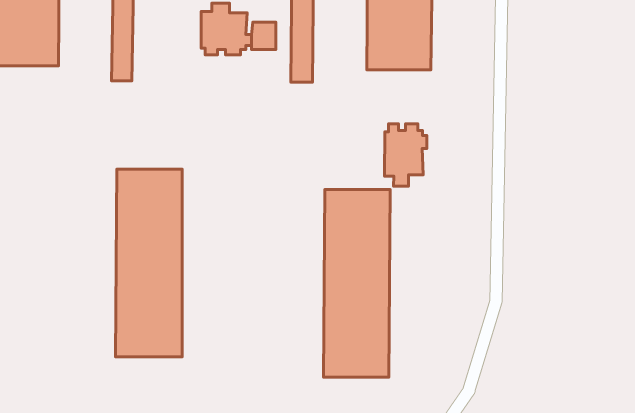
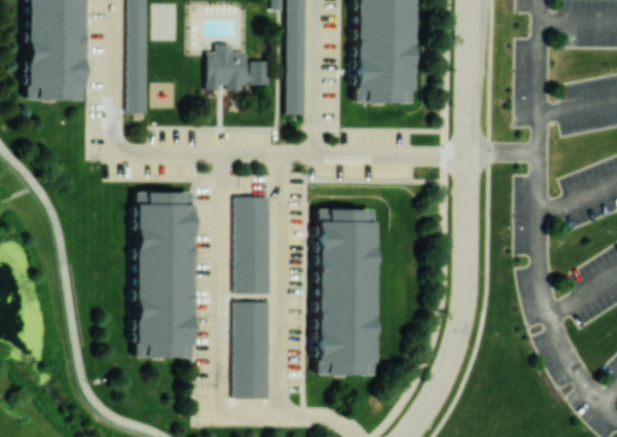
building: [385,124,427,186] -> none
building: none -> [237,196,272,295]
building: none -> [236,302,271,400]

